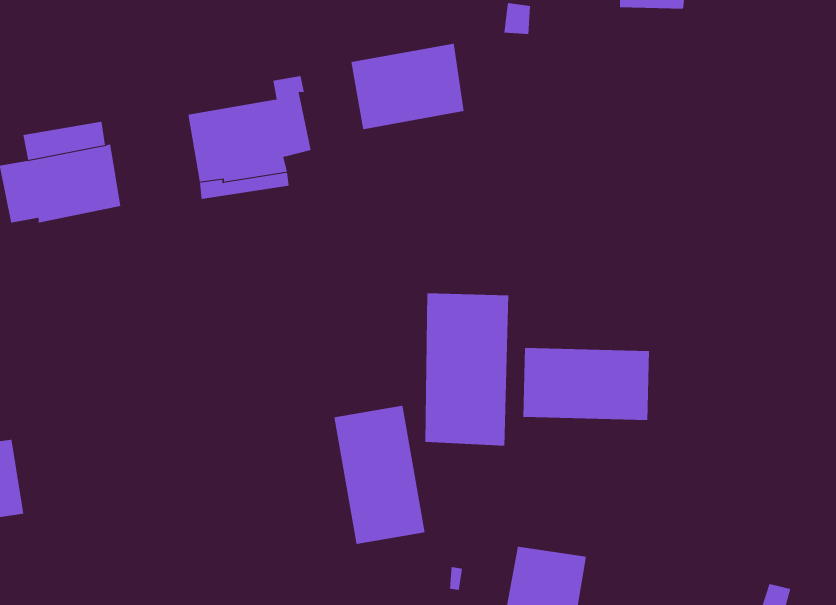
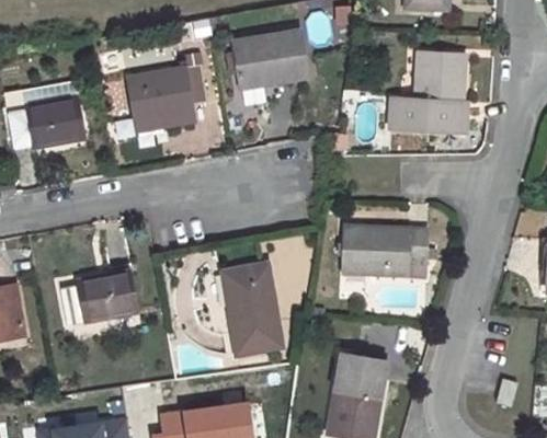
building: none -> [391,53,465,132]
building: [425,293,509,447] -> none
building: none -> [61,270,138,324]

